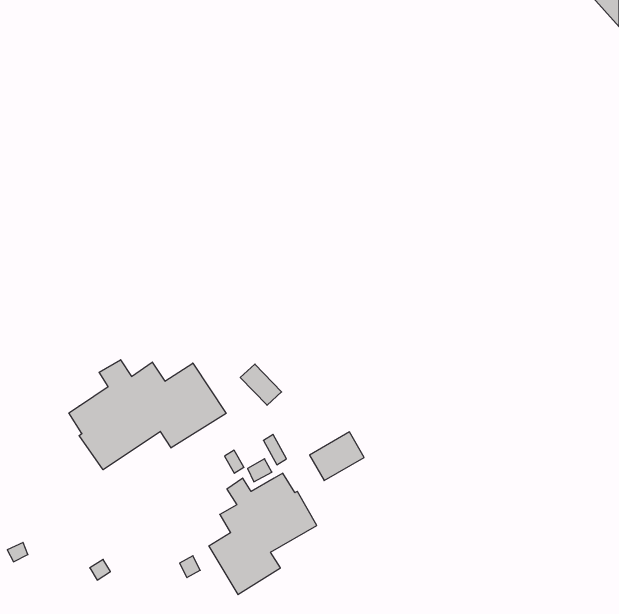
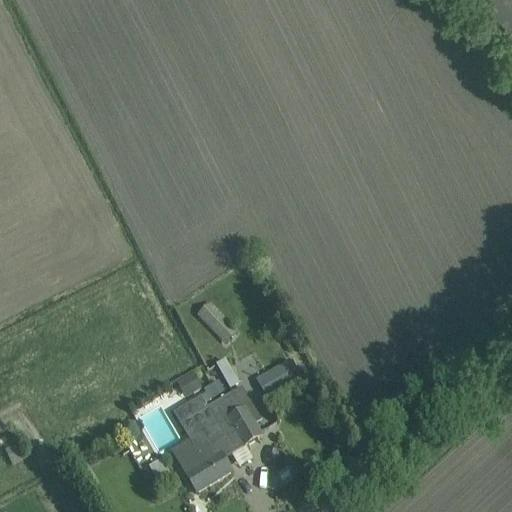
building: [69,360,226,470] -> none

